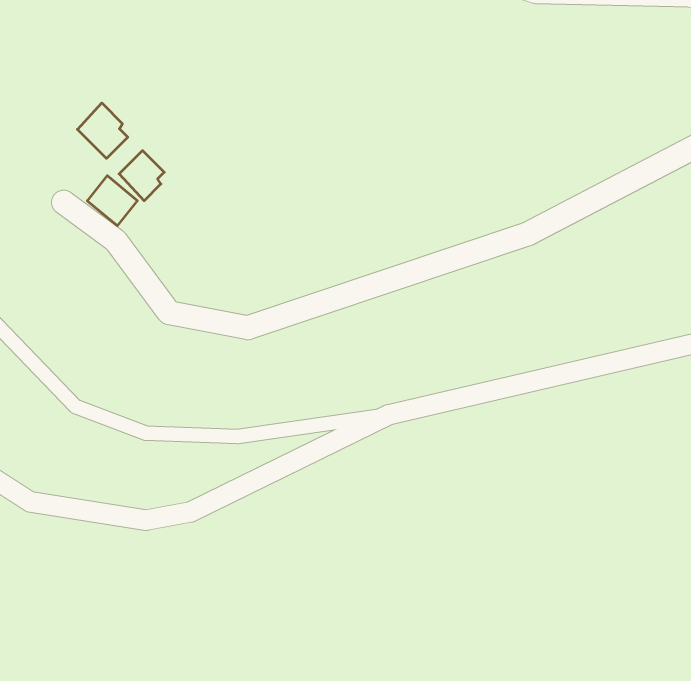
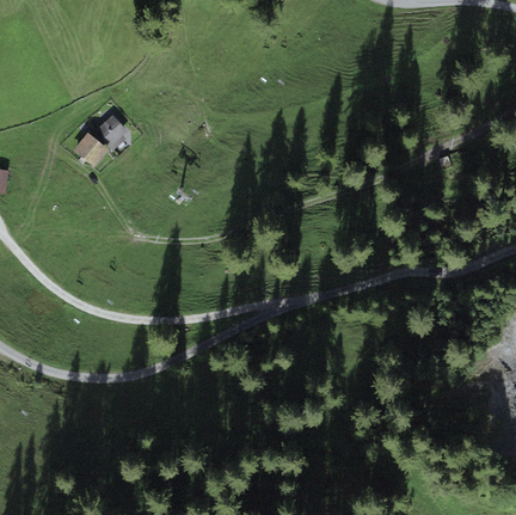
building: [77,103,128,158] -> none

